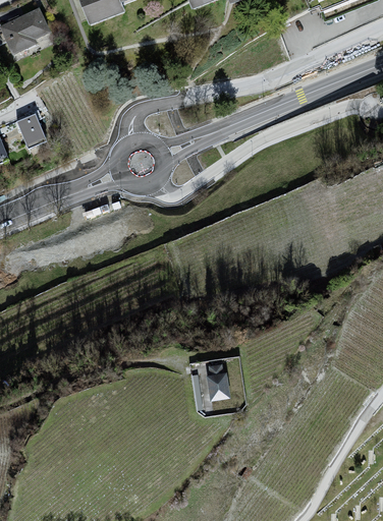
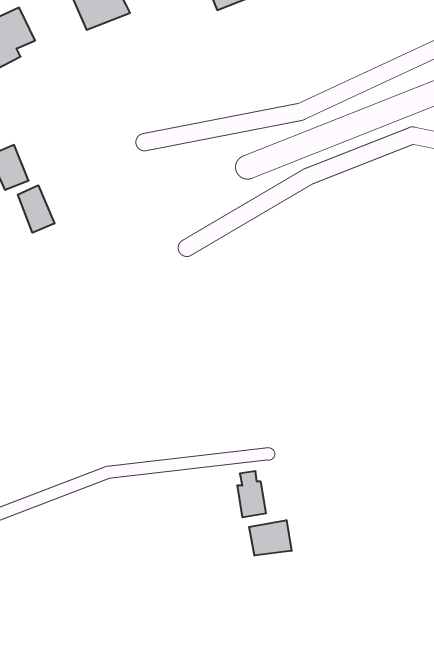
building: none -> [18,185,55,233]
building: none -> [249,520,292,556]

